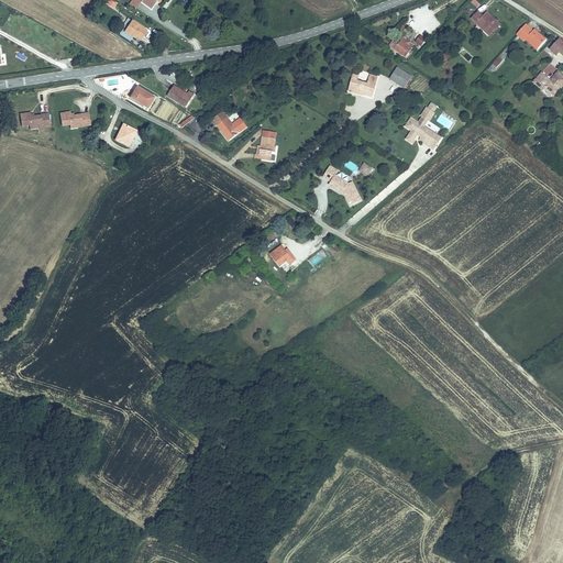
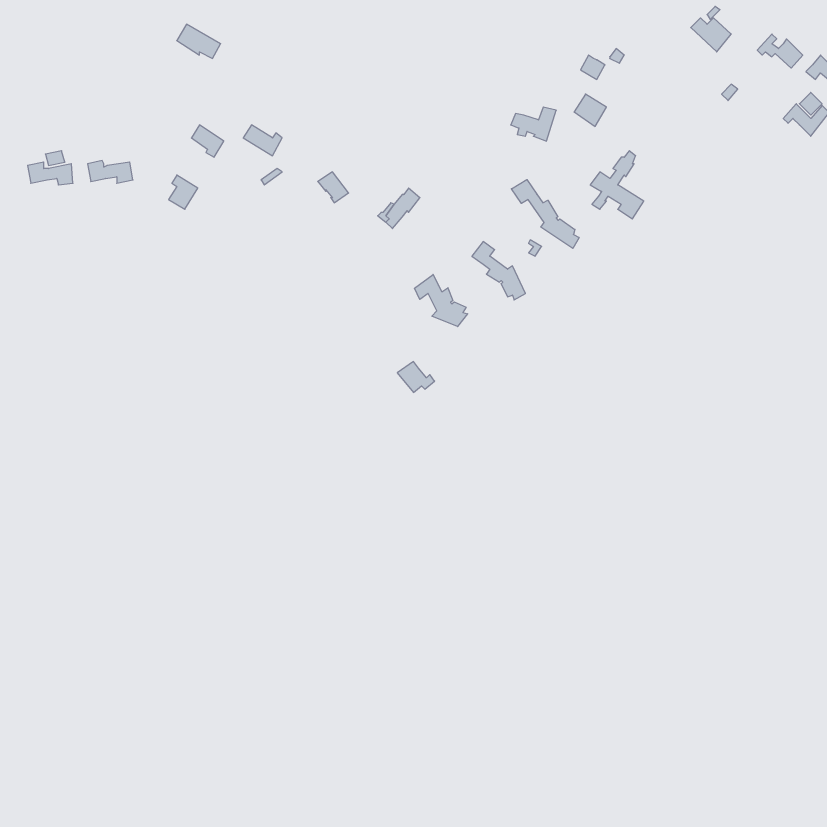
building: none -> [511,180,579,248]
building: none -> [414,274,468,327]

